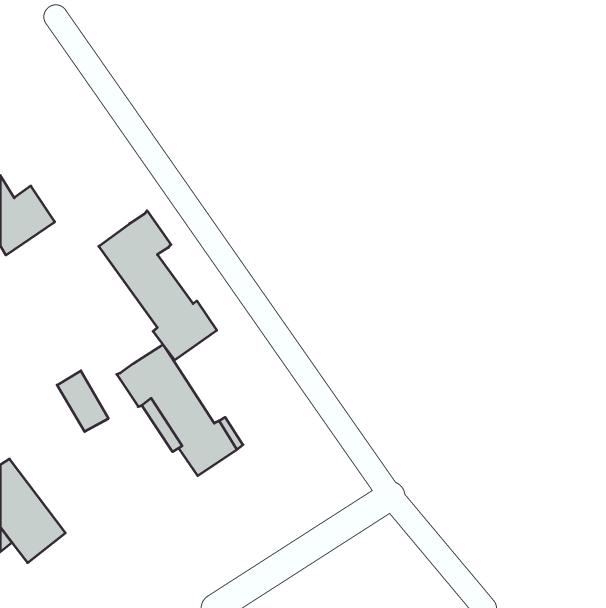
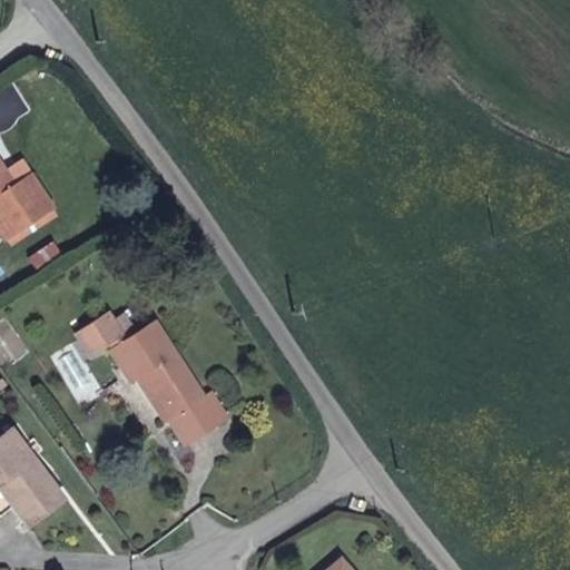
building: [99,211,217,360] -> none
building: none -> [76,312,127,351]

